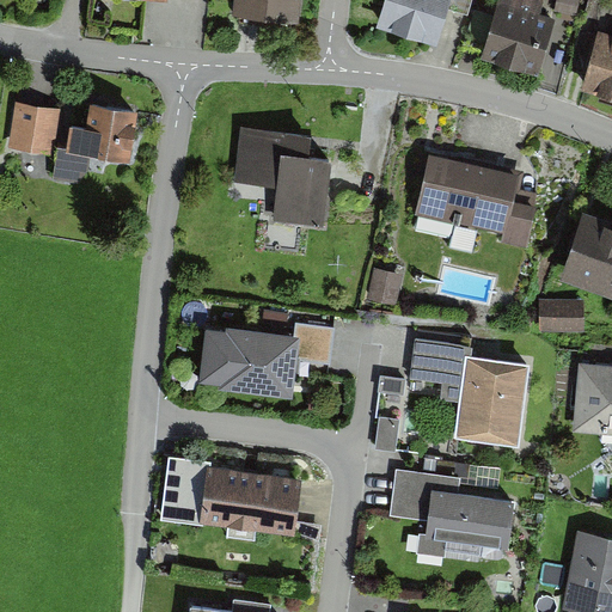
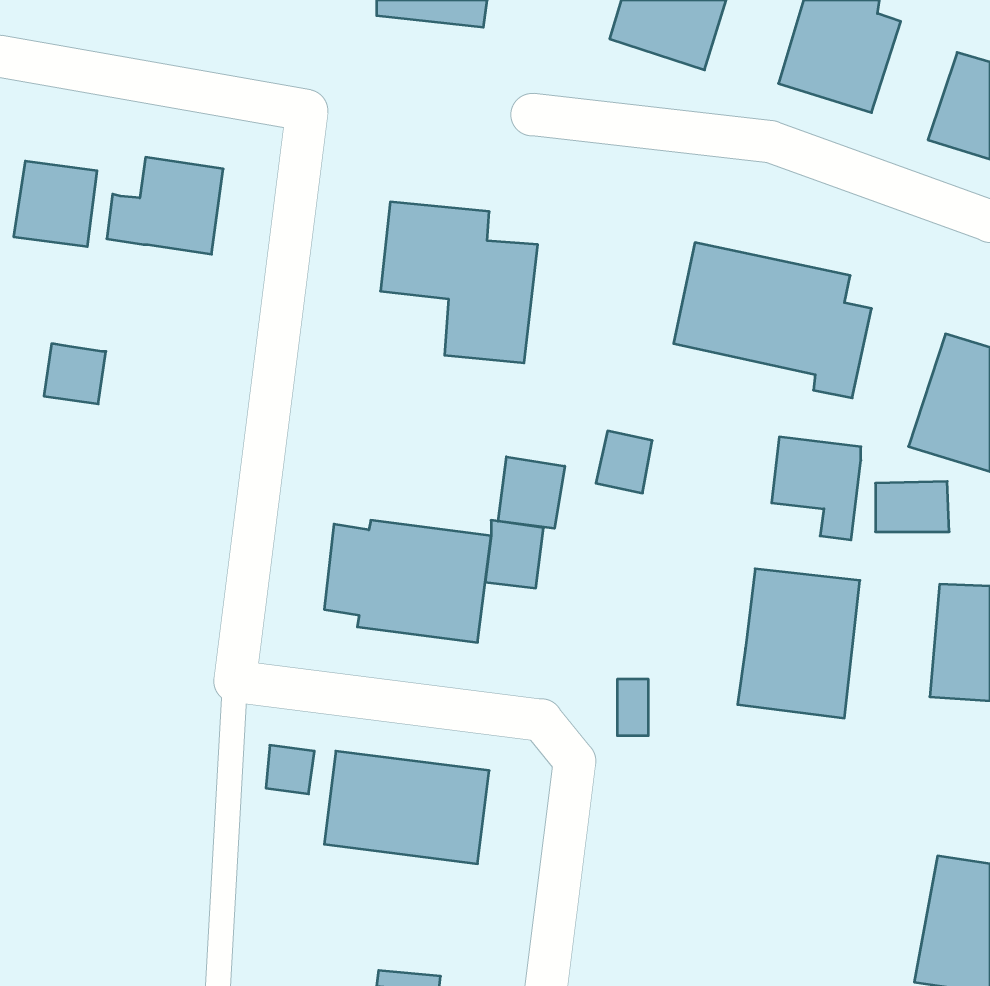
building: [53,149,91,186] -> [44,344,106,404]
building: none -> [498,457,565,528]
building: [410,339,465,403] -> [772,437,861,540]
building: [390,475,508,559] -> none

